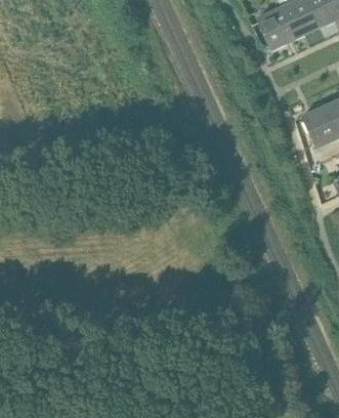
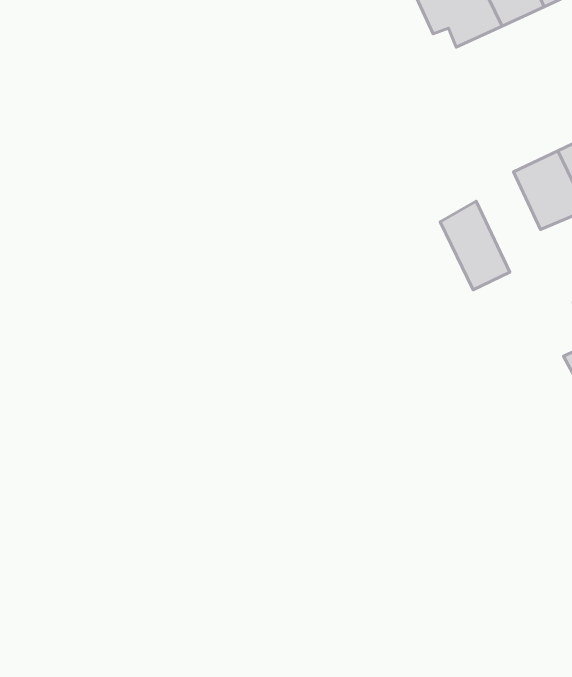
building: none -> [440,201,510,290]

